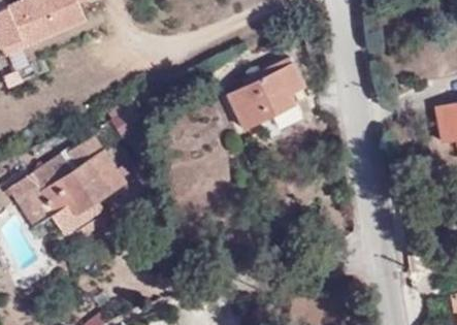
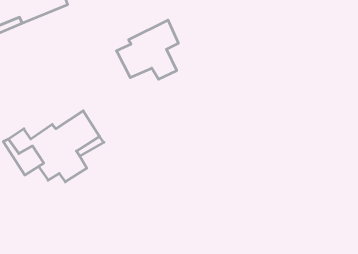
building: [228,56,302,127] -> [116,20,178,79]

